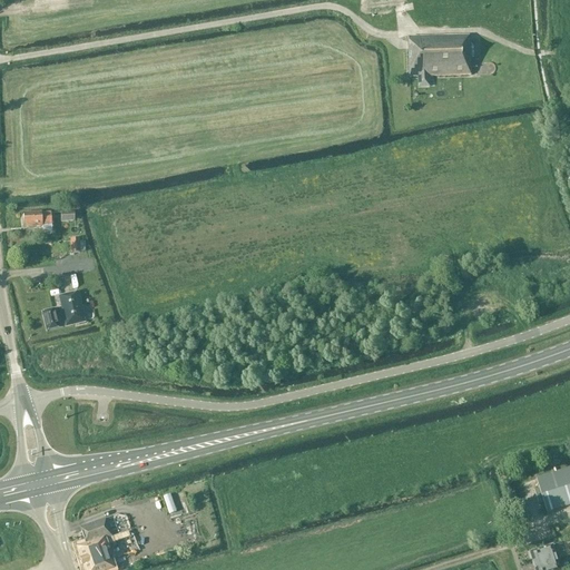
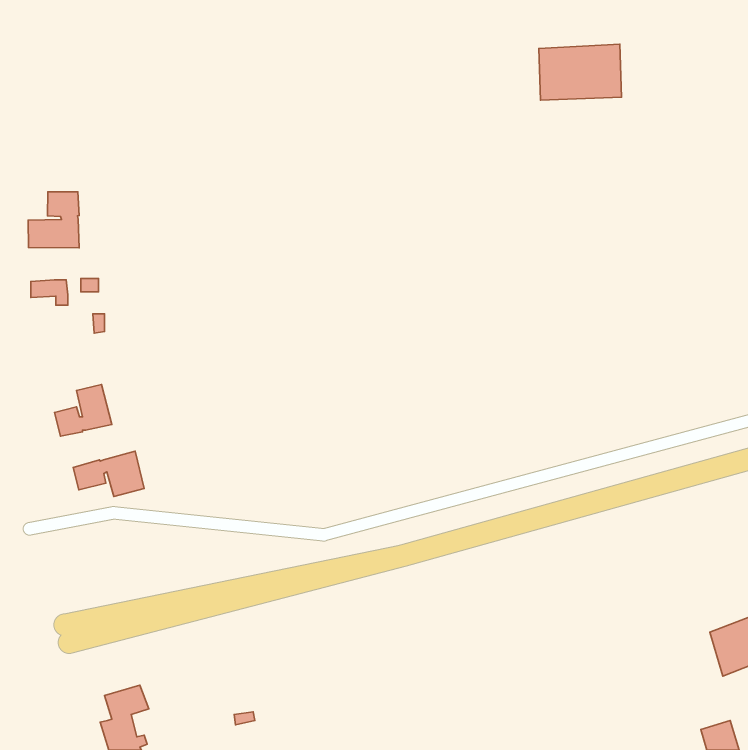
building: none -> [28,192,79,248]
building: none -> [73,451,144,496]

